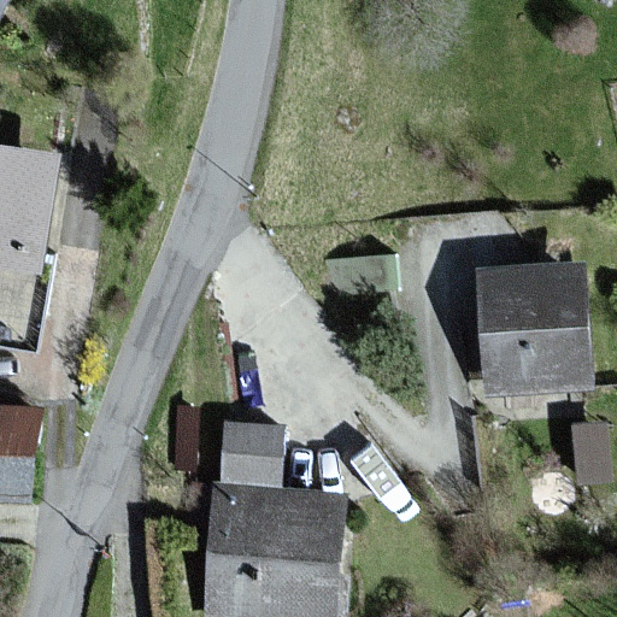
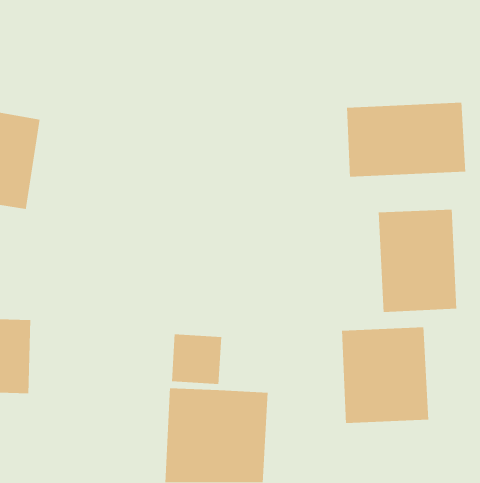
building: none -> [346,102,466,178]
building: none -> [341,326,429,424]

